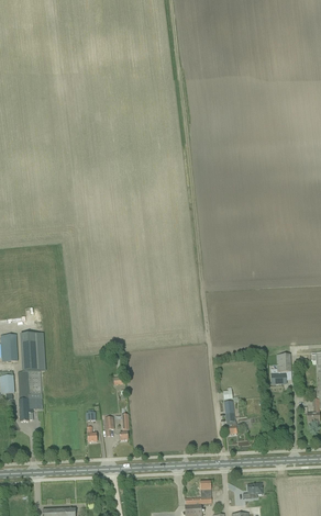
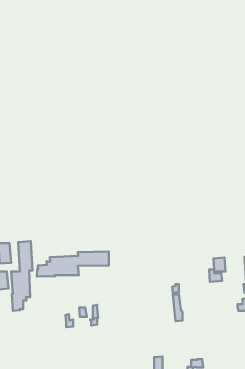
building: none -> [37,252,109,277]

